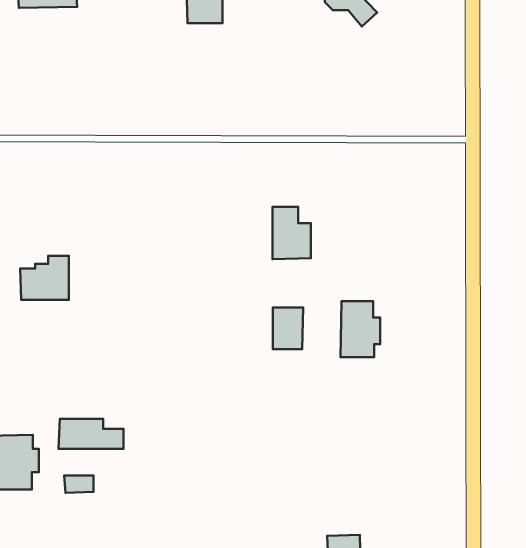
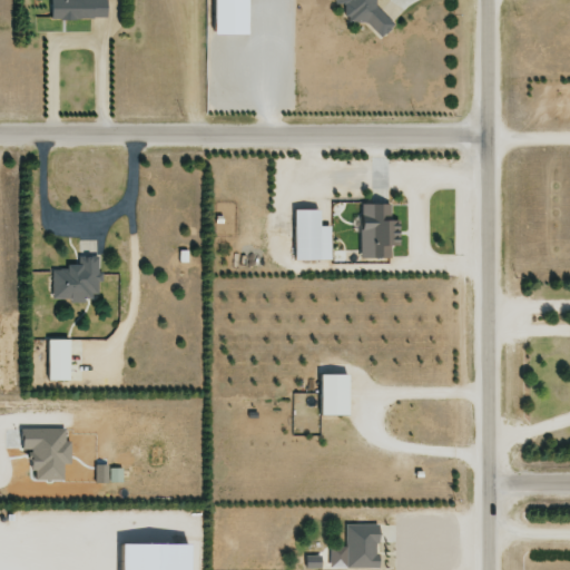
building: [340,301,380,357] -> [362,204,400,257]
building: [273,307,303,349] -> [321,374,350,414]
building: none -> [49,338,71,380]
building: [58,419,123,449] -> none

